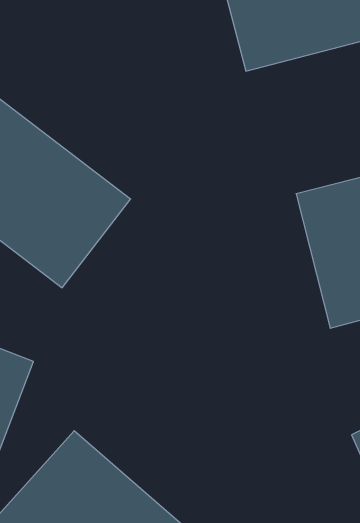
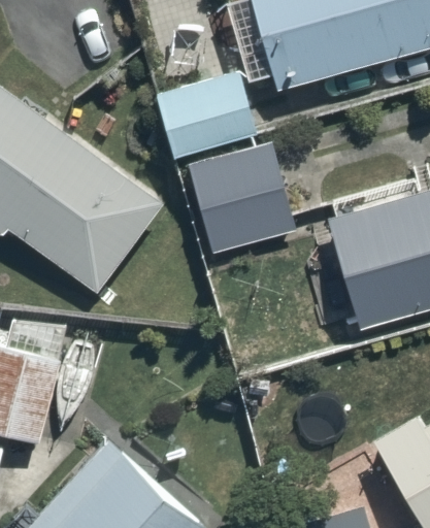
building: none -> [144,70,255,157]
building: none -> [185,142,298,260]

